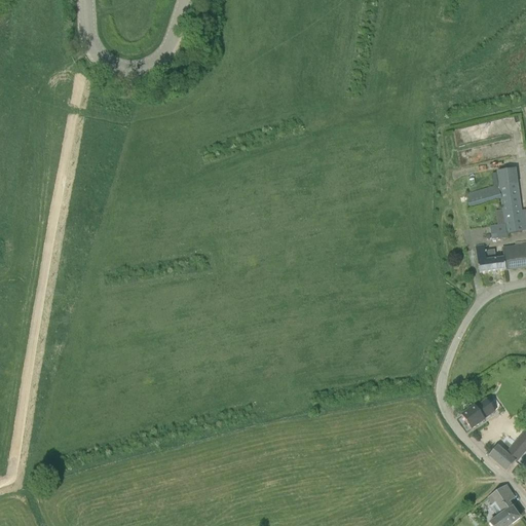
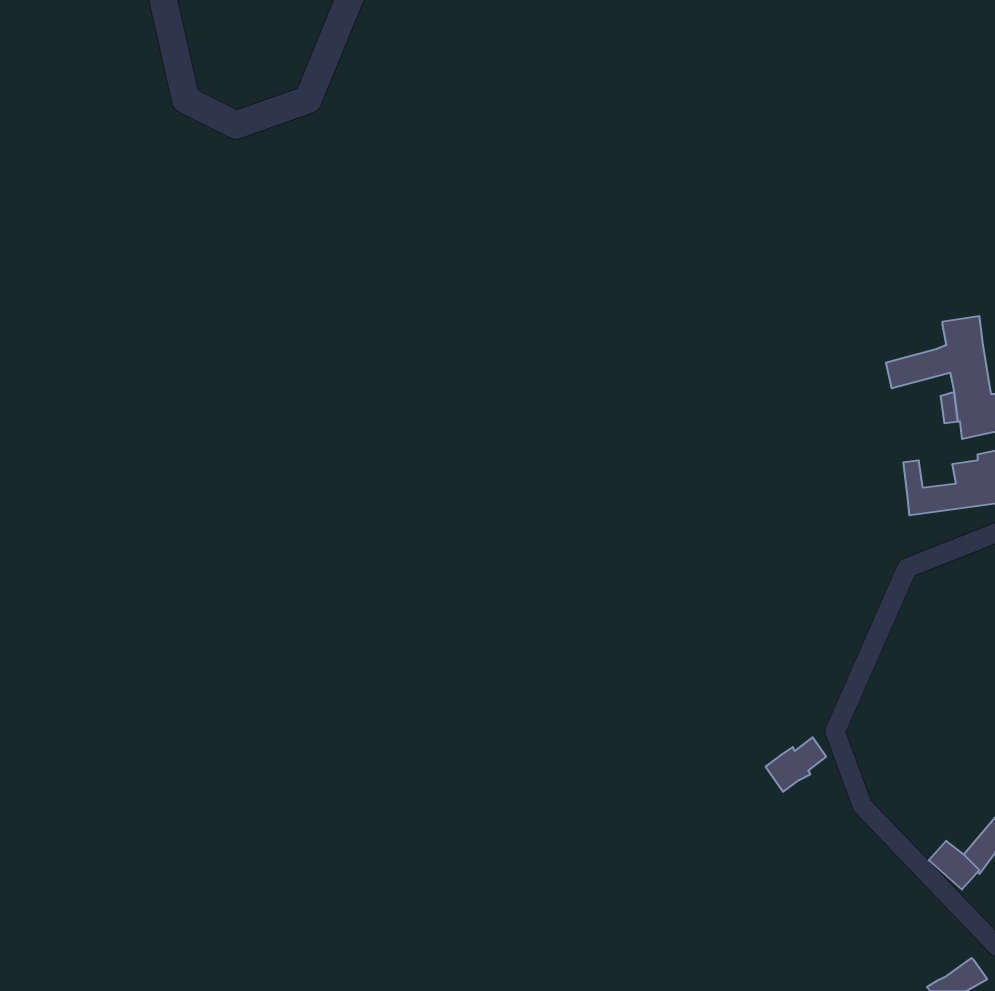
building: [462,399,494,427] -> [766,737,826,792]
building: [489,484,515,515] -> none

